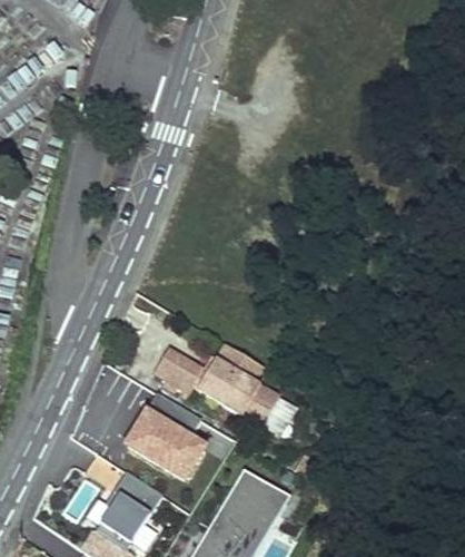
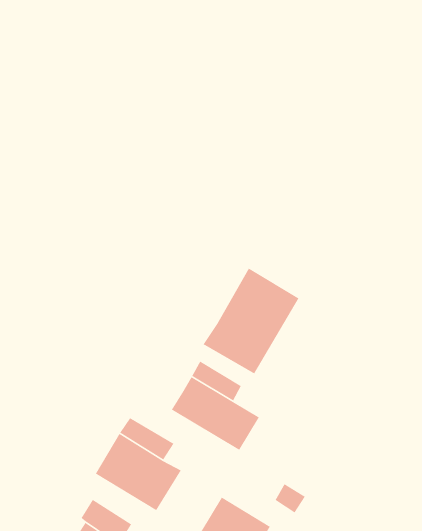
building: none -> [202,267,299,375]
building: [154,346,209,393] -> none

